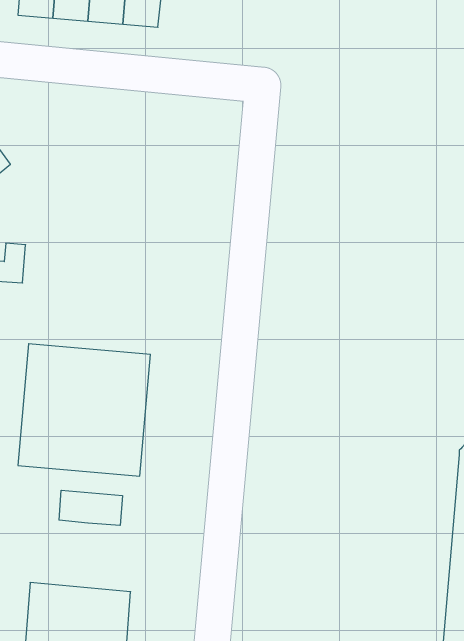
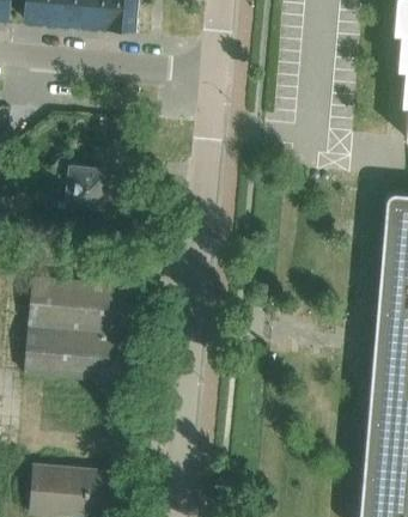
building: none -> [50,157,108,208]
building: [59,490,122,525] -> none

